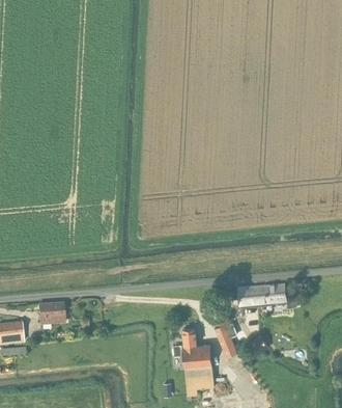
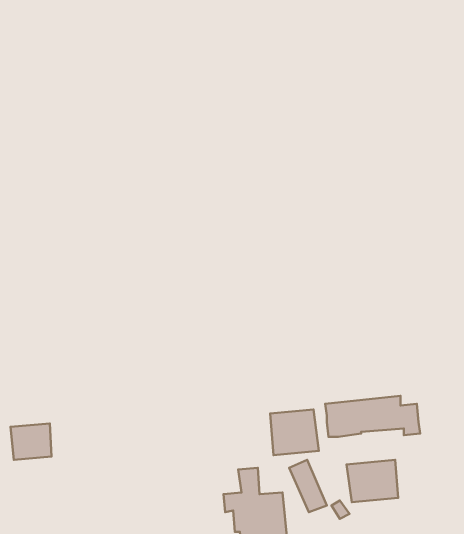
building: none -> [270,409,319,455]
building: none -> [347,460,398,502]

